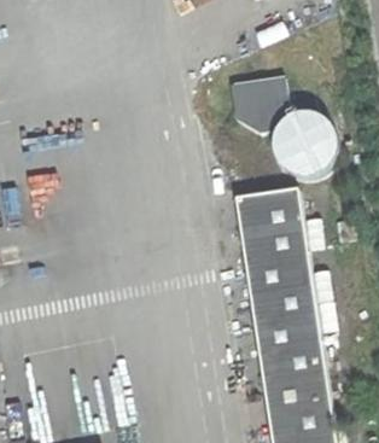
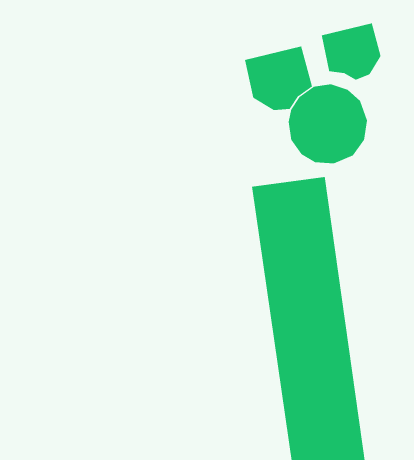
building: none -> [321,22,381,81]

